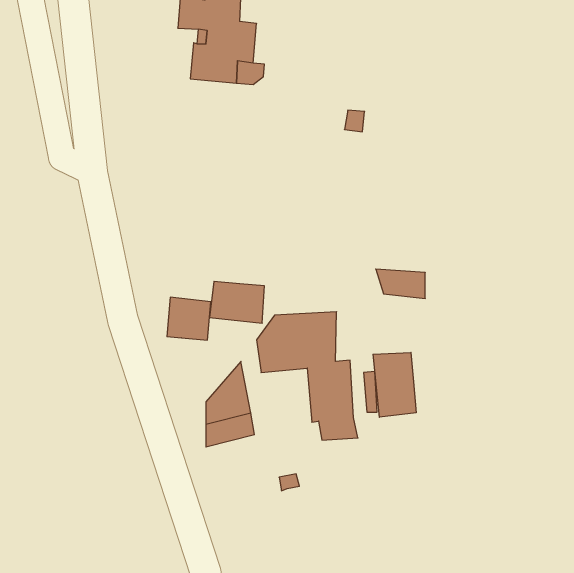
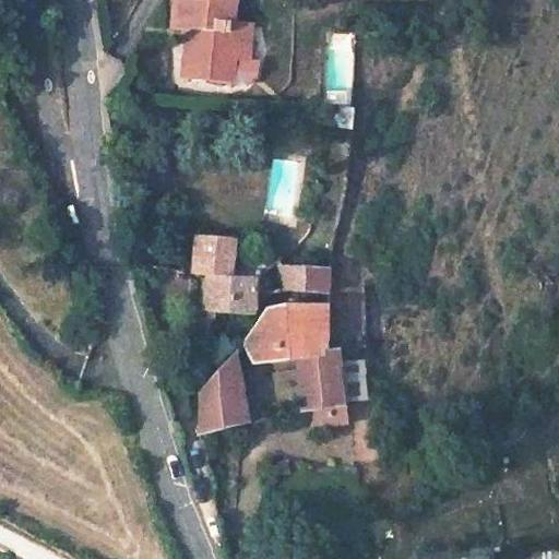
building: [376,269,425,298] -> [280,263,328,292]
building: [167,297,211,340] -> [194,234,237,275]
building: [373,352,416,417] -> none

